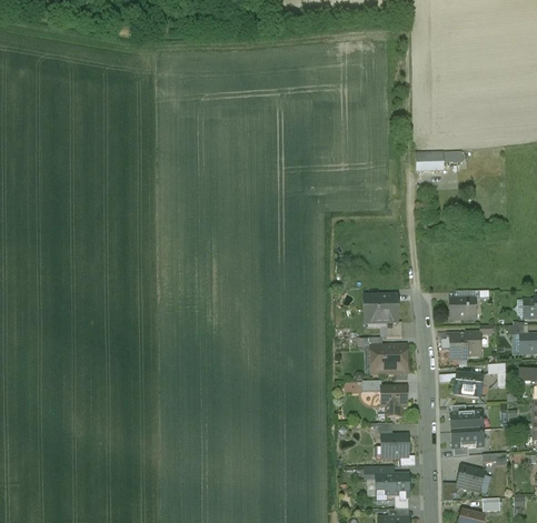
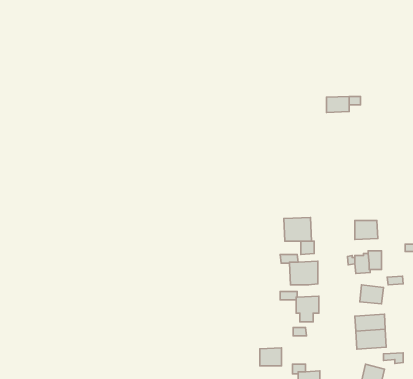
building: [381,435,407,456] -> [260,348,282,366]

